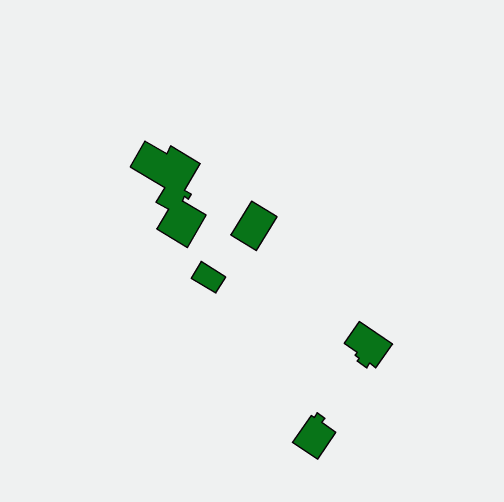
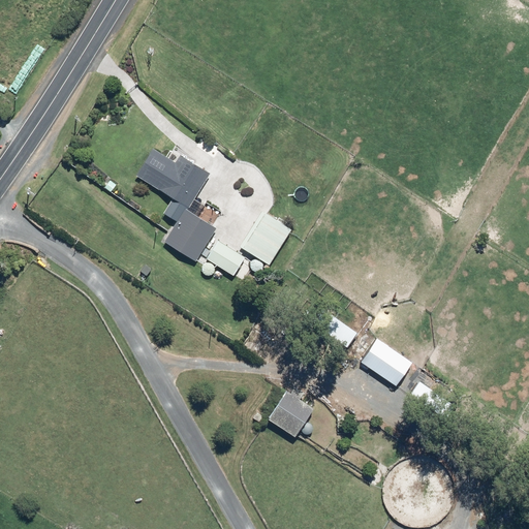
building: [191,261,226,293] -> [208,242,244,275]
building: [292,413,336,459] -> [268,387,313,436]

